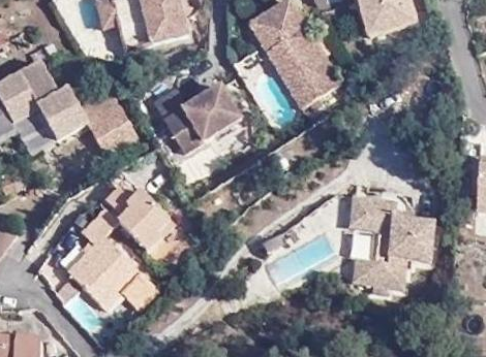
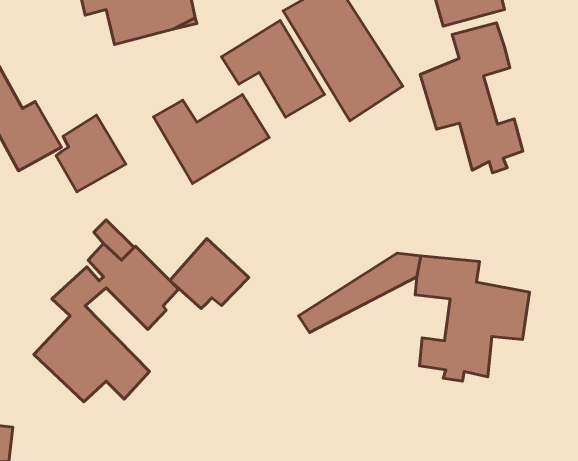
building: none -> [221,21,324,117]
building: none -> [420,23,523,173]
building: none -> [170,239,249,308]

